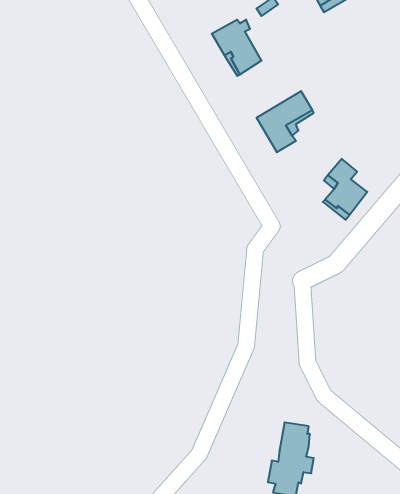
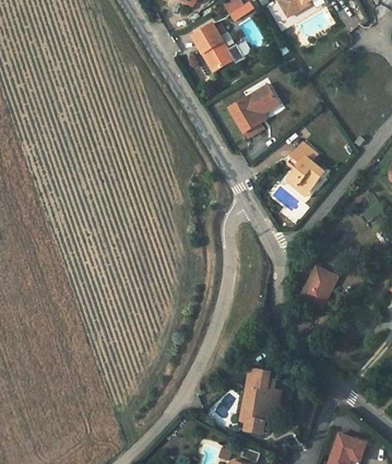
building: none -> [299,264,338,308]

